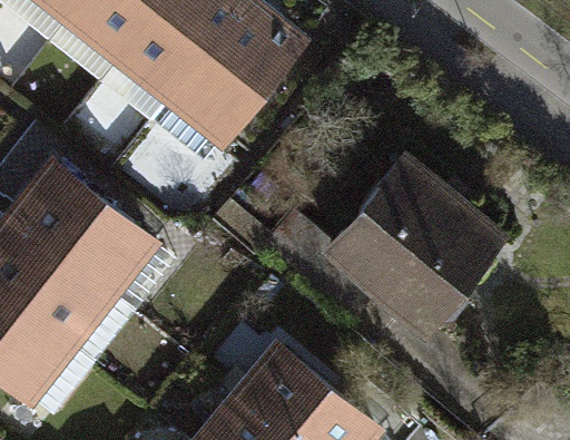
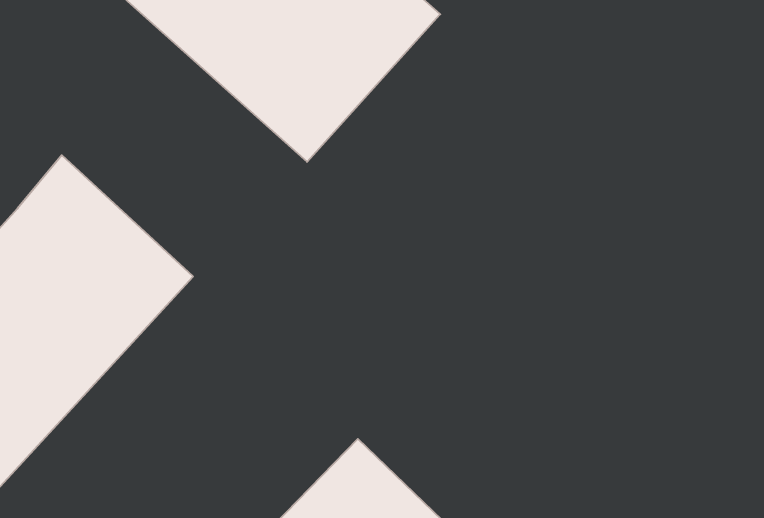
building: [327,157,498,330] -> none

